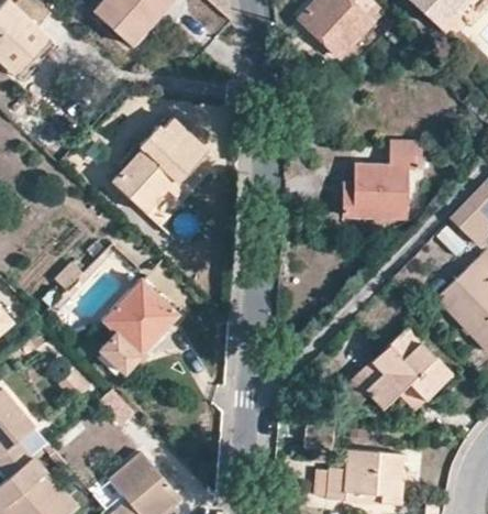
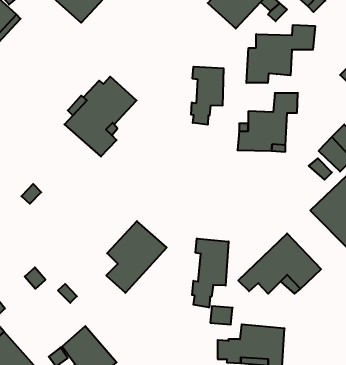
building: none -> [246,25,315,83]
building: none -> [191,67,224,125]
building: [99,277,179,373] -> [106,221,167,293]
building: none -> [192,238,229,308]

